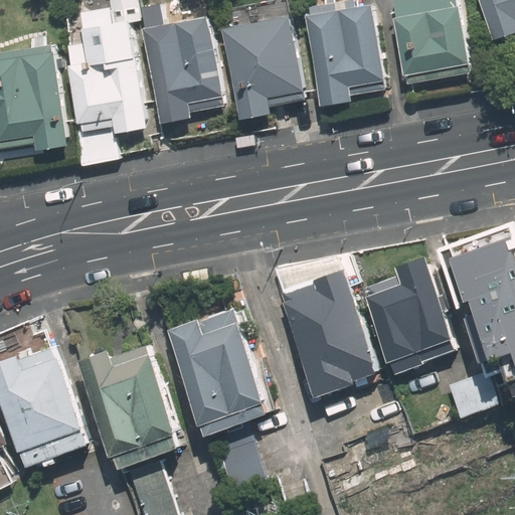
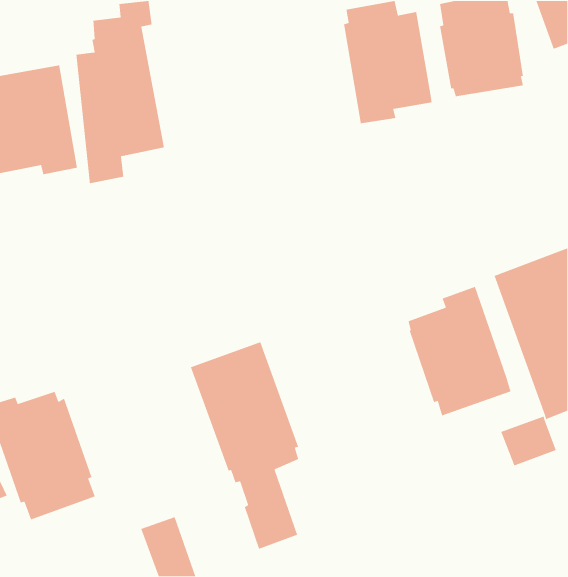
building: [142,8,222,129] -> none
building: [222,21,304,124] -> none
building: [273,254,385,420] -> none
building: [80,343,181,464] -> none

